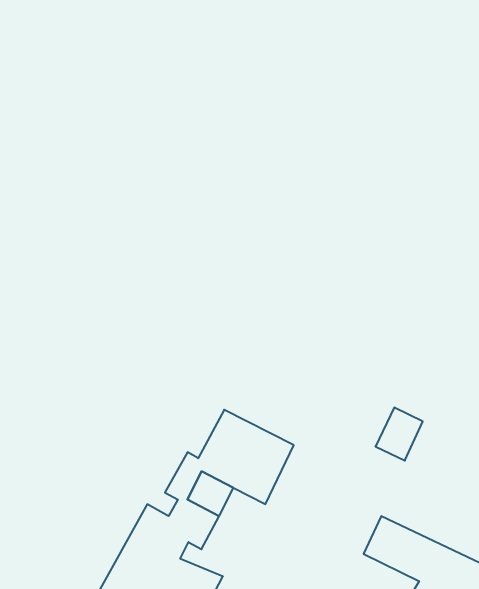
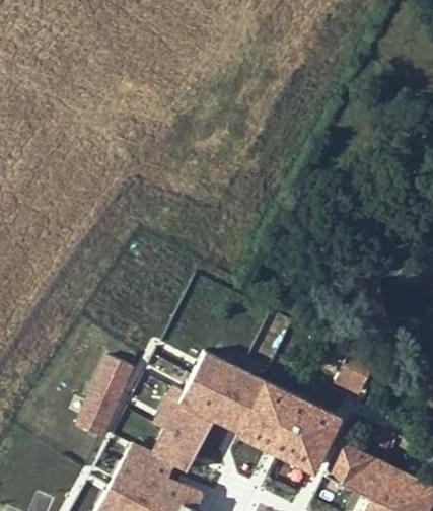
building: none -> [80,359,133,437]
building: none -> [243,383,341,469]

